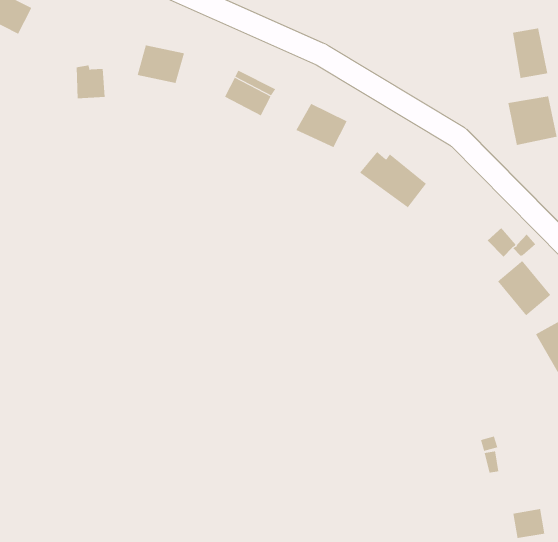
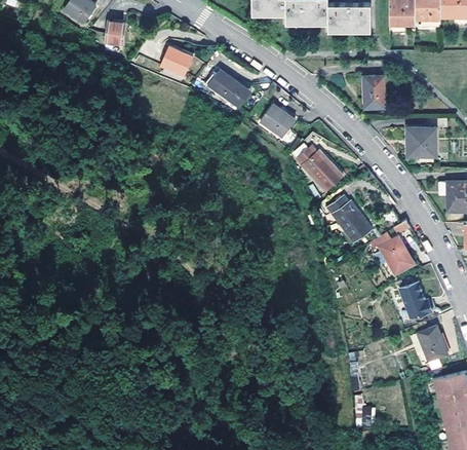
building: [512,28,548,78] -> [363,76,383,108]
building: [76,65,106,99] -> [105,23,126,46]
building: none -> [327,196,372,243]

